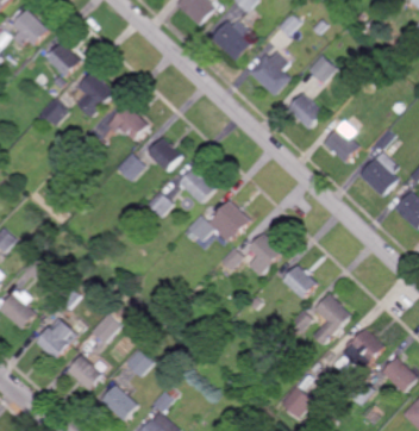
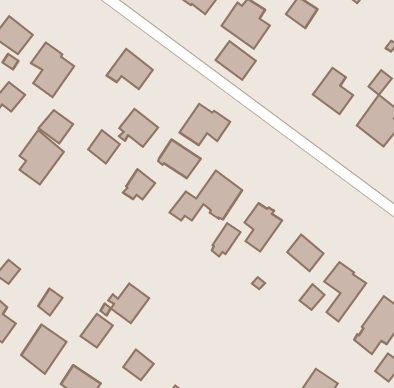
building: [287,92,323,127] -> [216,41,256,80]
building: [107,102,149,139] -> [106,49,153,89]
building: none -> [180,104,230,145]
building: none -> [20,130,64,185]
building: none -> [108,283,149,323]

